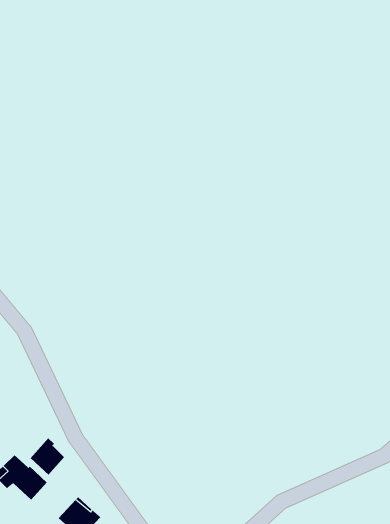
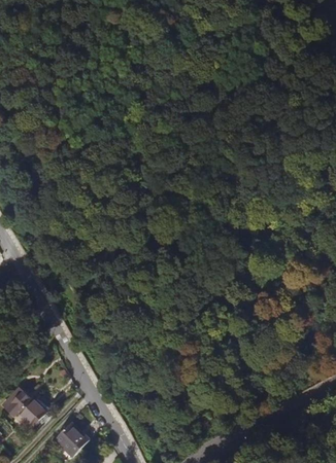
building: [30,437,65,476] -> none

